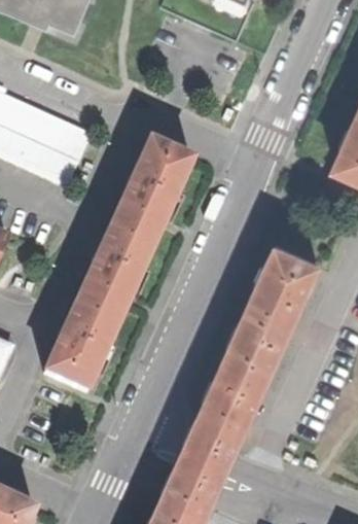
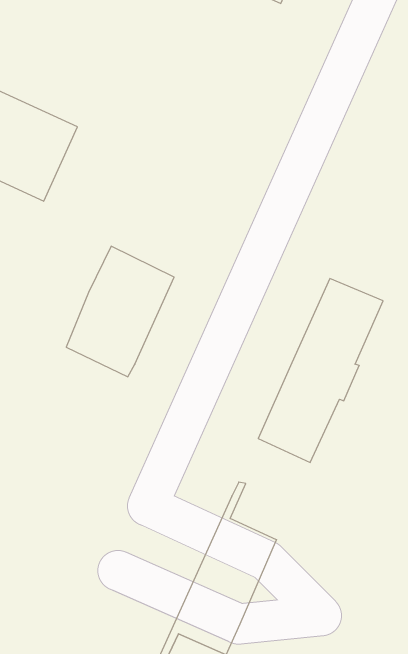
building: [115,138,196,241] -> none
building: [46,292,128,391] -> none
building: [203,359,261,433] -> none

